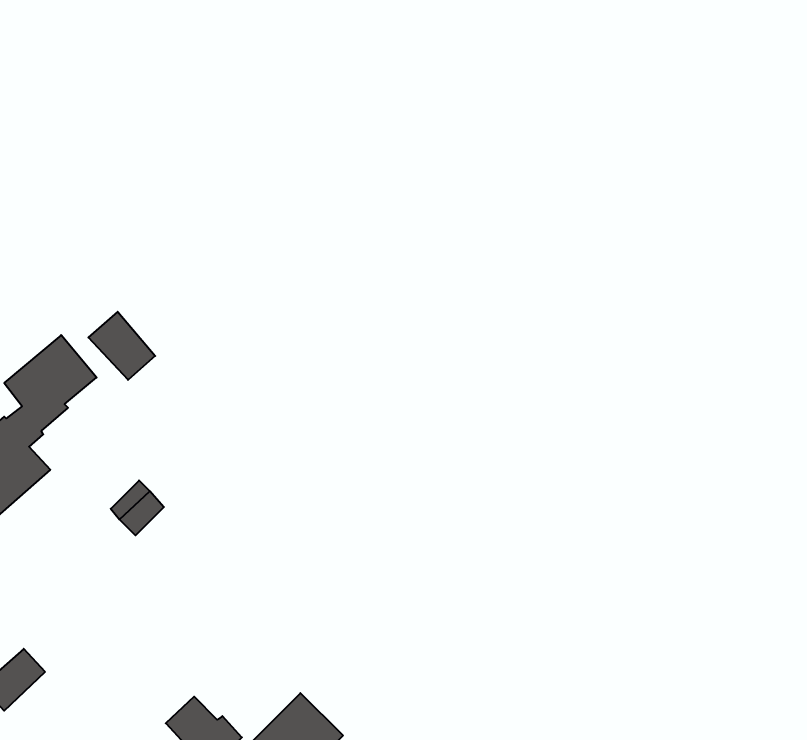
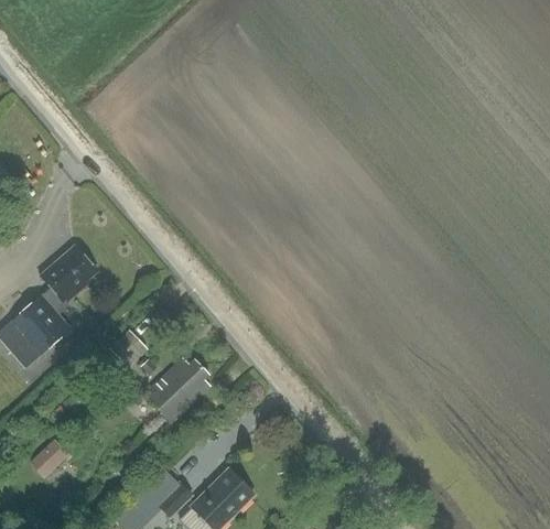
building: [88,312,155,380] -> none
building: none -> [143,357,209,422]

